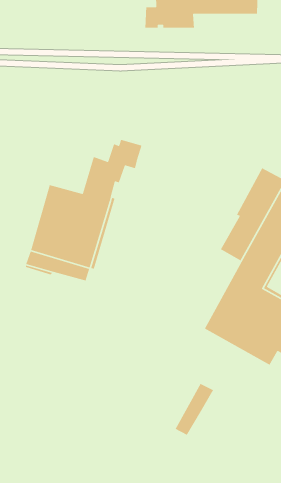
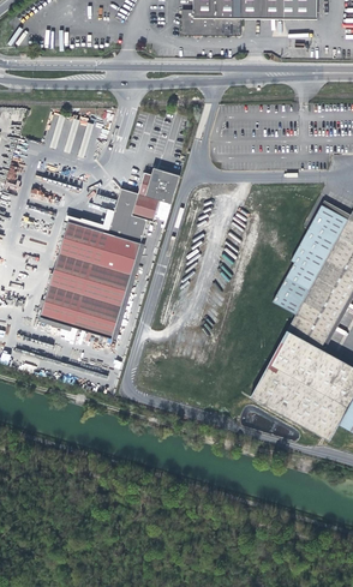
building: [175,383,214,436] -> none

